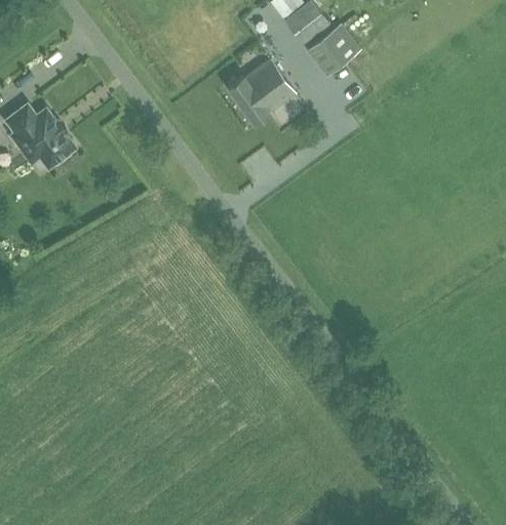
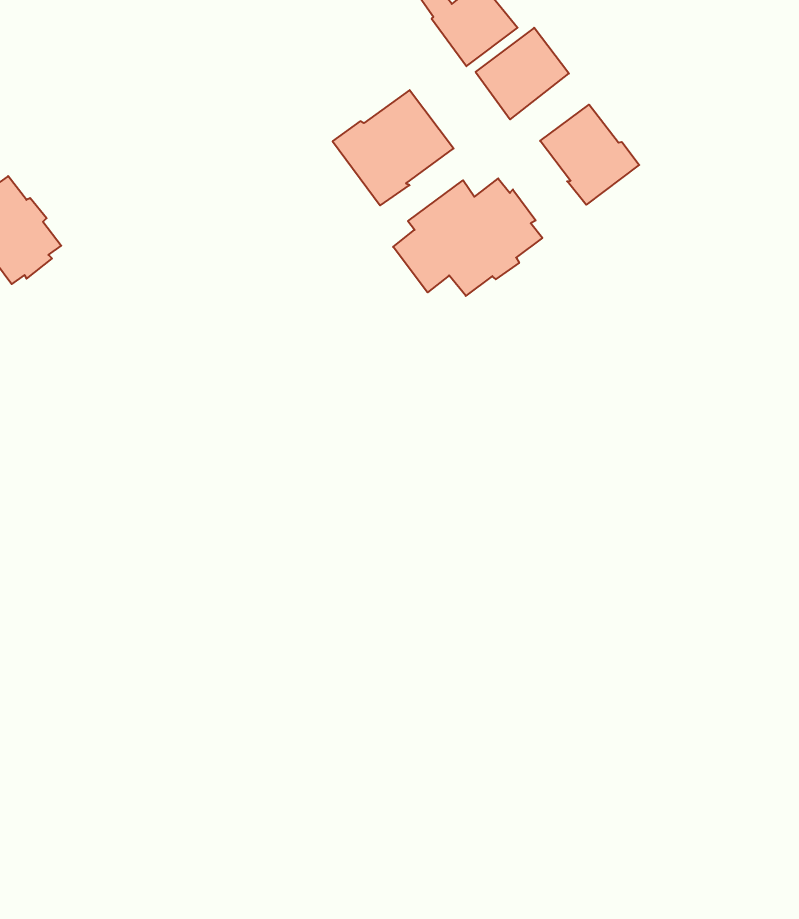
building: none -> [540,105,639,205]
building: none -> [393,178,542,296]

